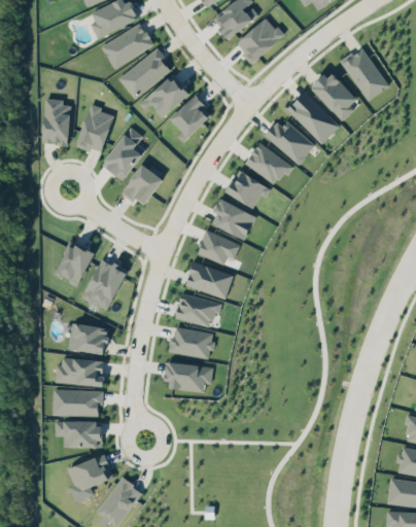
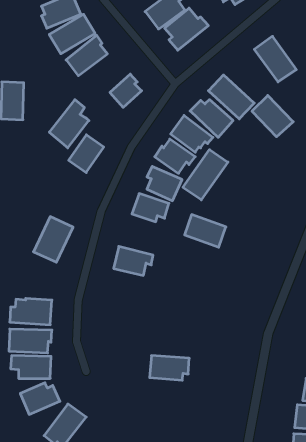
building: [312,71,360,119] -> [252,95,293,137]
building: [141,75,190,118] -> none
building: [76,101,112,148] -> none
building: none -> [183,150,228,200]
building: [56,242,96,288] -> none
building: [186,261,235,300] -> [185,215,226,247]
building: [70,324,109,354] -> none
building: [166,327,213,359] -> none
building: [167,363,213,392] -> [150,356,189,380]

